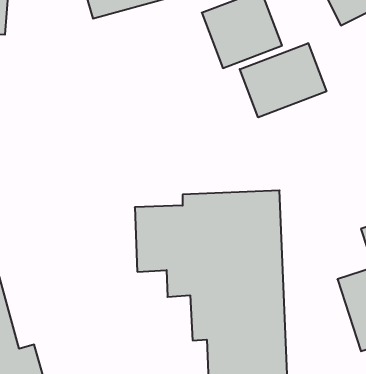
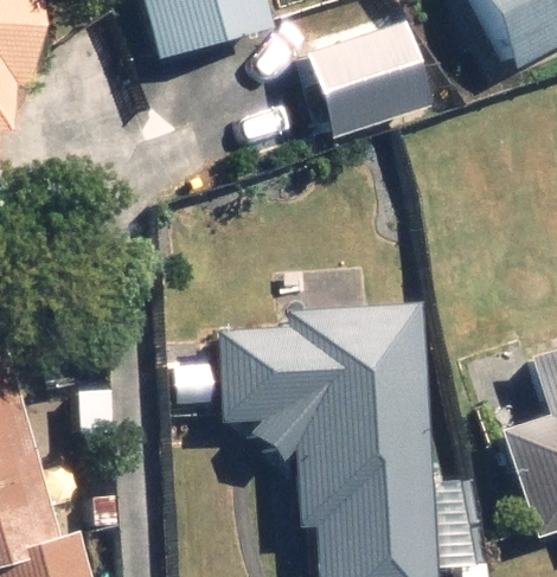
building: [240,43,326,117] -> none

